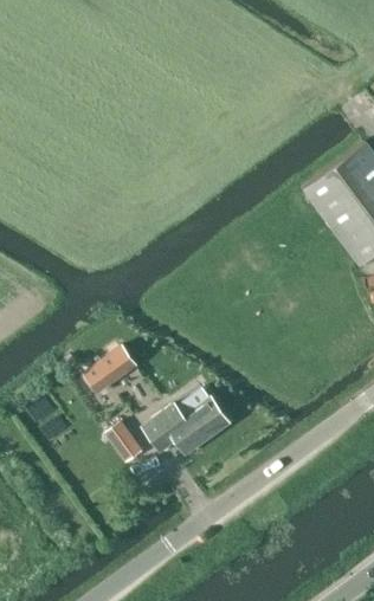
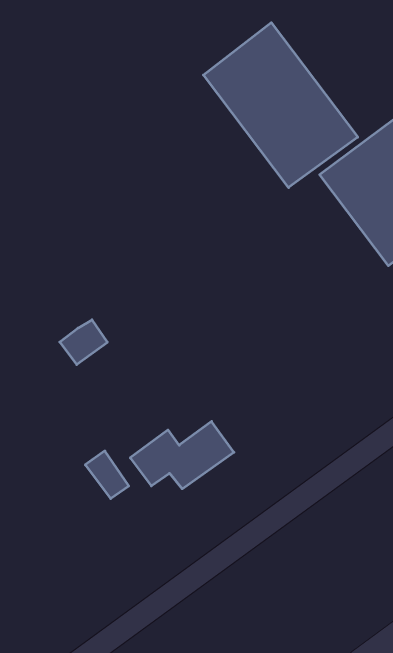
building: none -> [203,23,358,188]
building: [89,350,129,388] -> [60,320,107,365]

